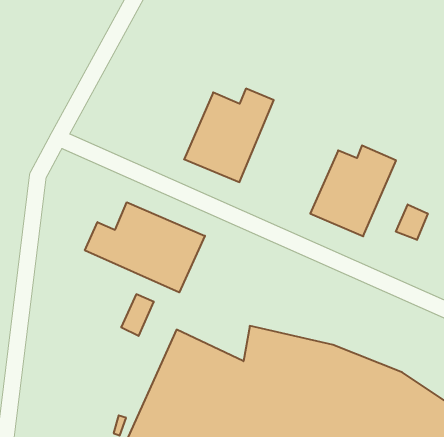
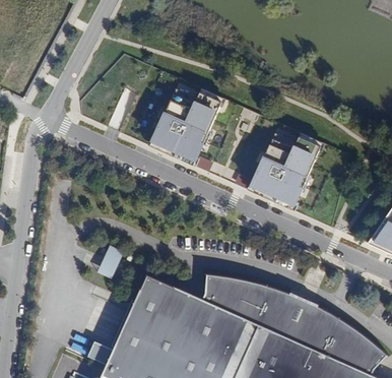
building: [85,202,205,292] -> none
building: [396,204,428,240] -> none

